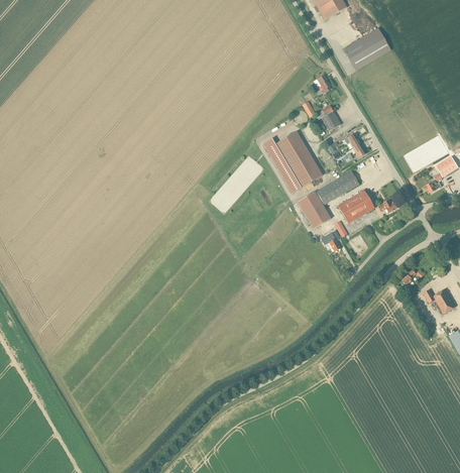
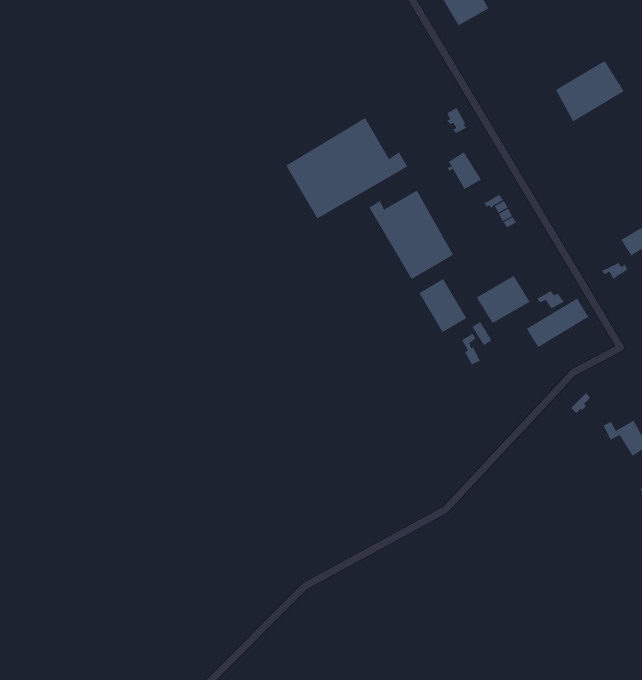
building: [343,28,390,71] -> [555,60,624,122]
building: none -> [285,117,408,219]
building: [316,170,359,205] -> [526,298,589,348]

